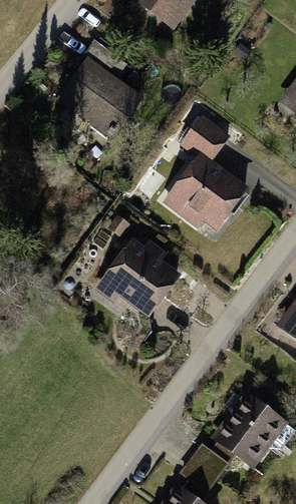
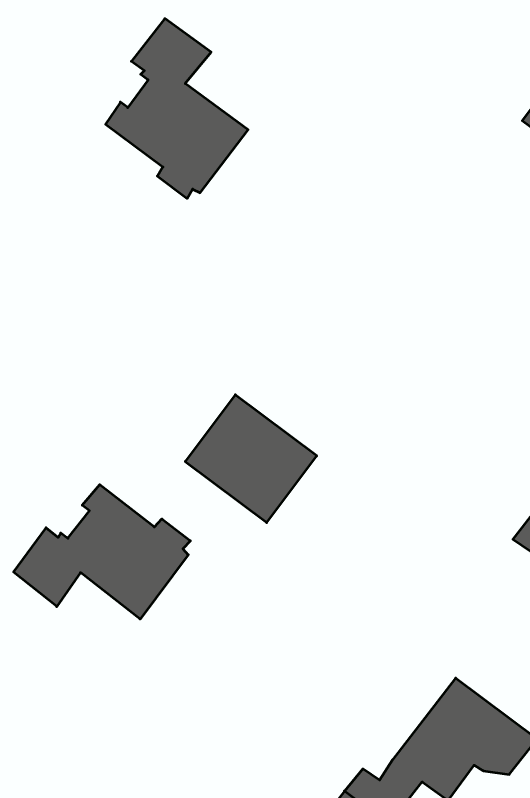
building: [172,117,244,225] -> none
building: none -> [14,485,190,619]

